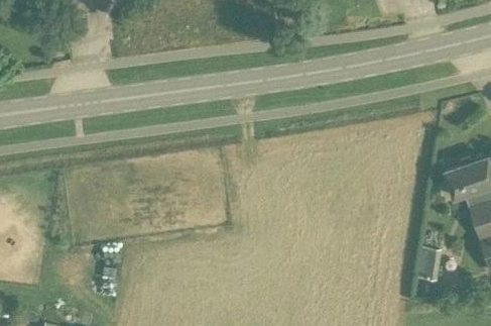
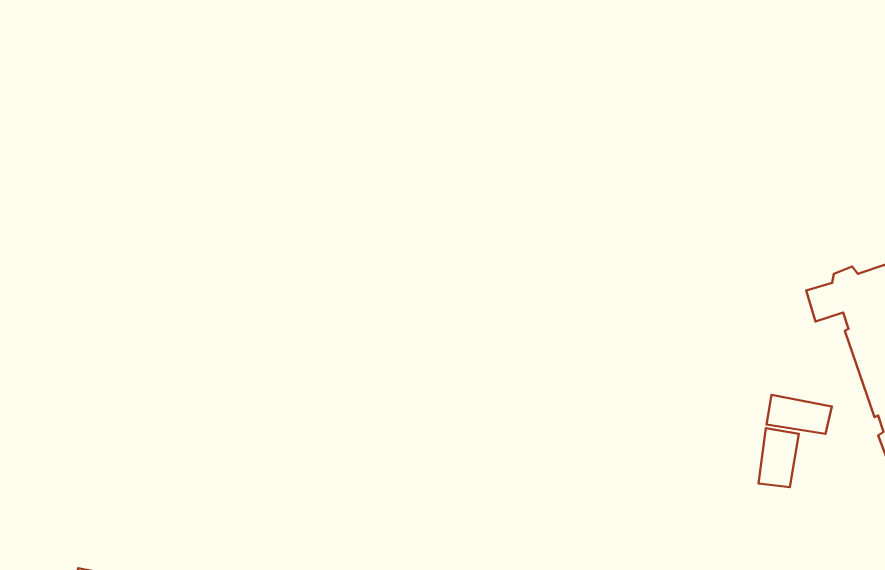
building: none -> [766,395,832,434]

